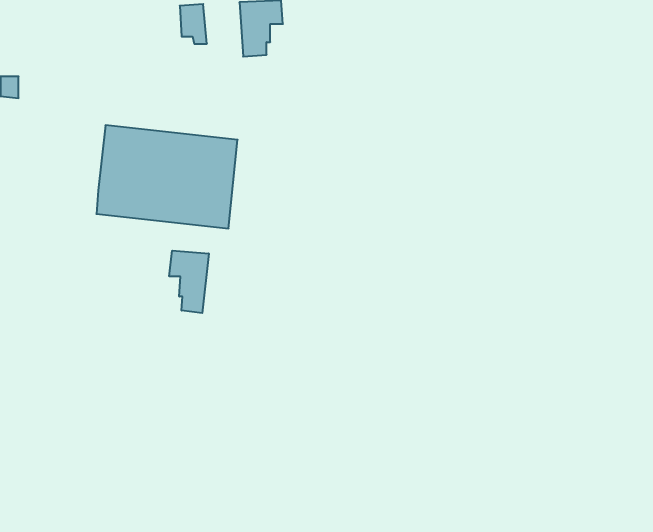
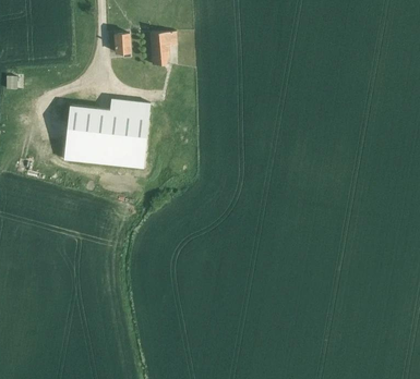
building: [169,251,209,313] -> none

